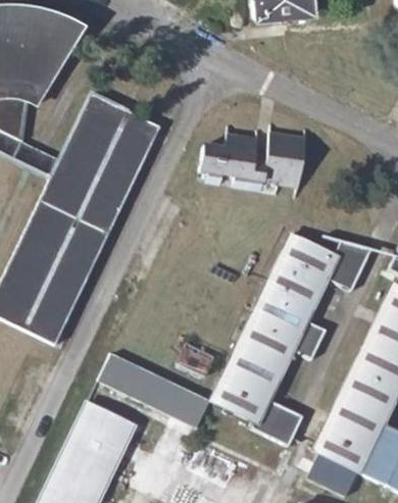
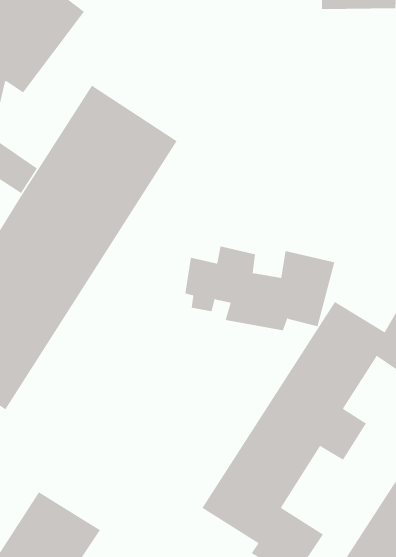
building: [197,131,307,191] -> [184,246,335,331]
building: [97,350,211,425] -> none

